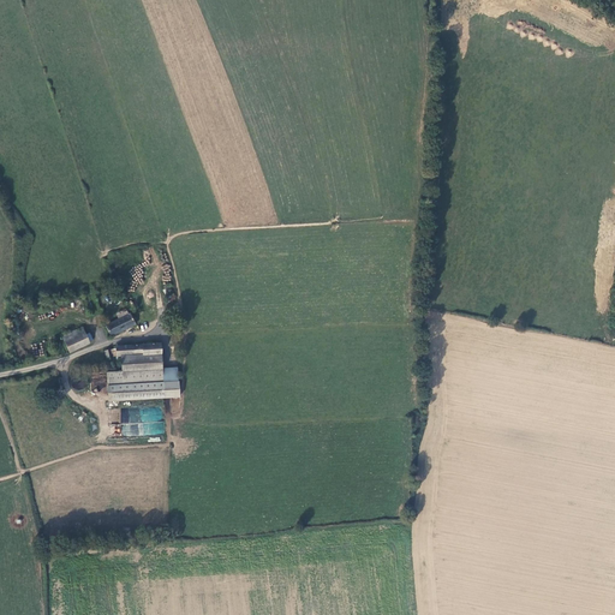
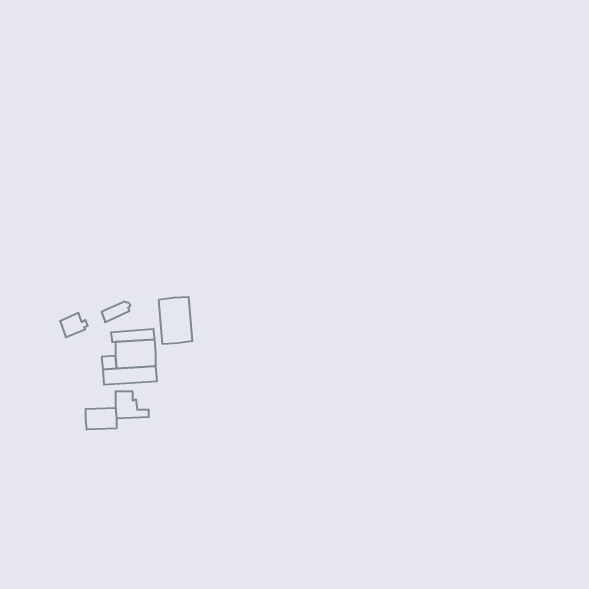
building: none -> [159,297,192,344]
building: none -> [86,408,117,430]

